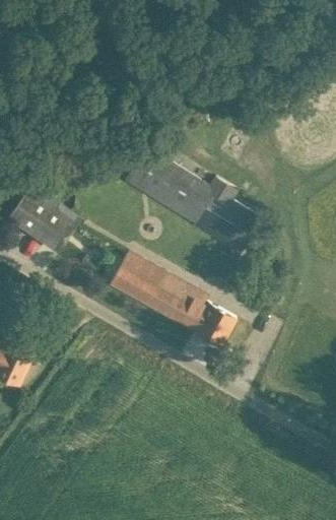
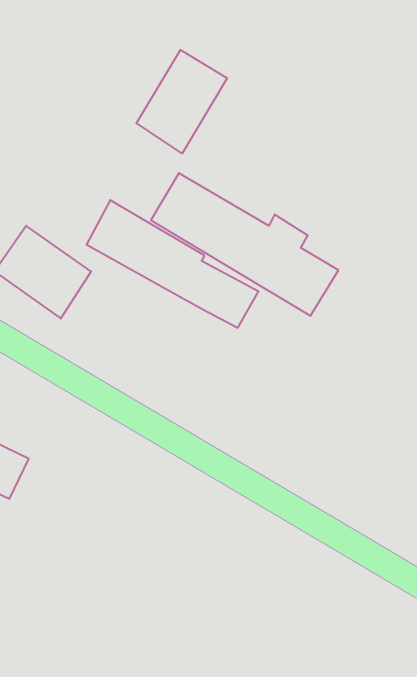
building: none -> [136,50,227,153]
building: [112,251,238,344] -> [86,200,259,328]

